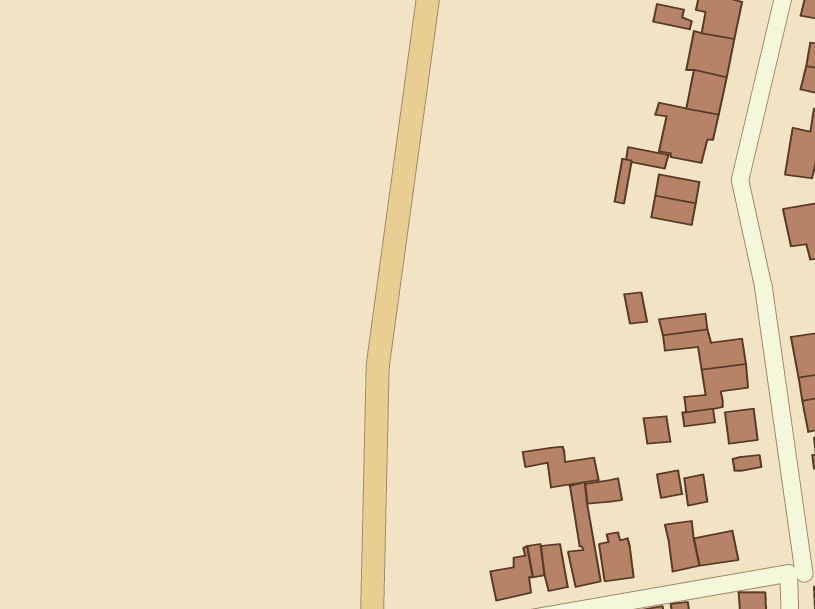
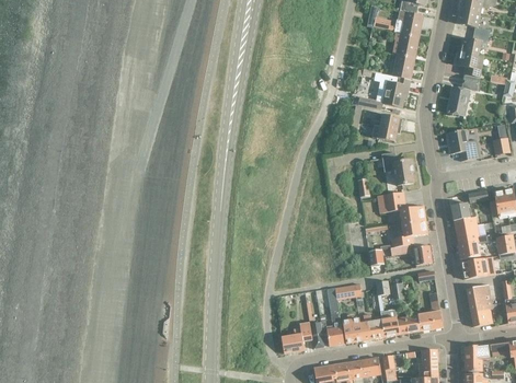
building: none -> [381,152,414,186]
building: [523,447,599,488] -> none
building: none -> [418,292,443,330]
building: none -> [360,314,385,340]

